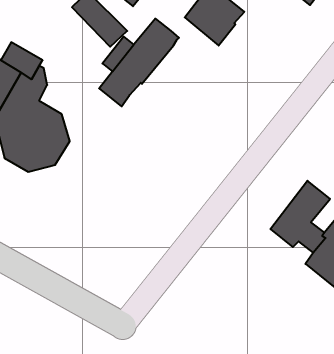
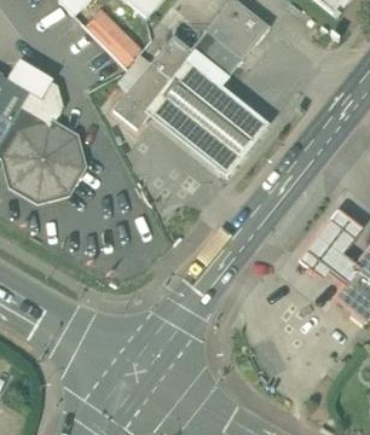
building: none -> [190,30,241,80]
building: none -> [145,62,270,180]

